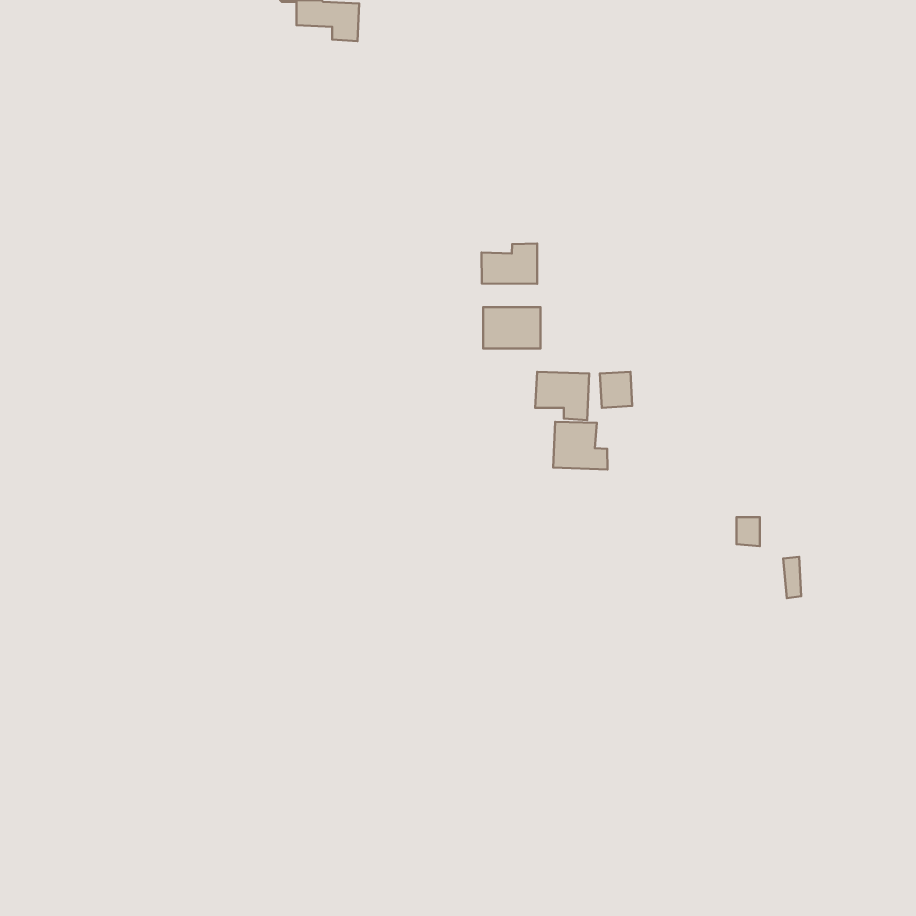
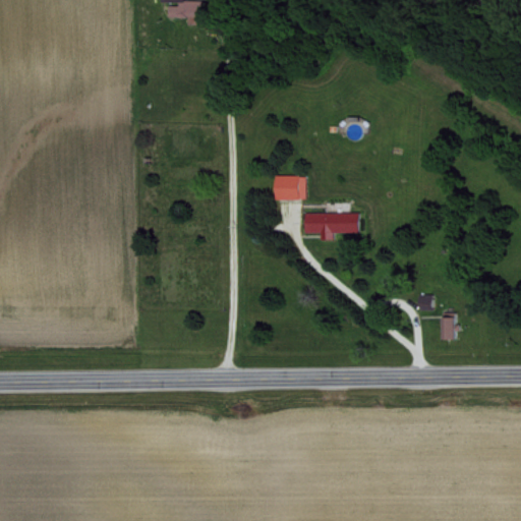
building: [481,243,537,284] -> none
building: [553,422,607,469] -> none

